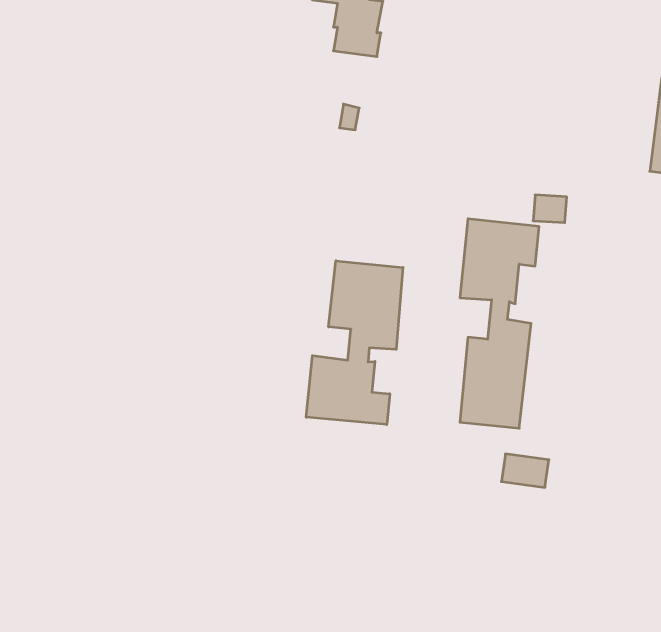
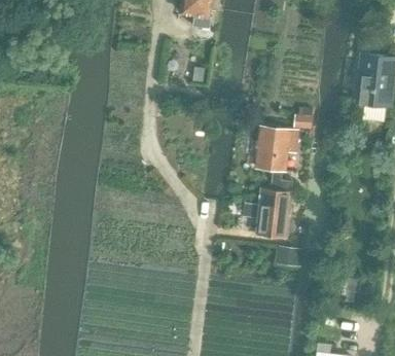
building: [306,261,403,425] -> none

